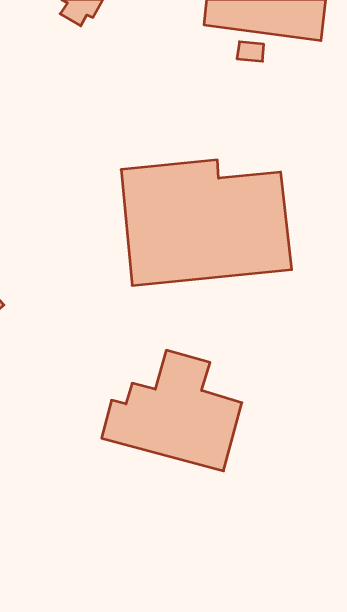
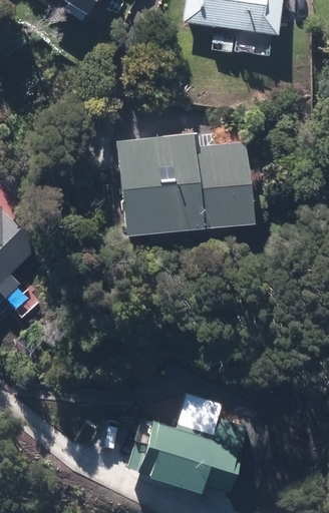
building: [102,350,242,471] -> [130,394,246,493]

